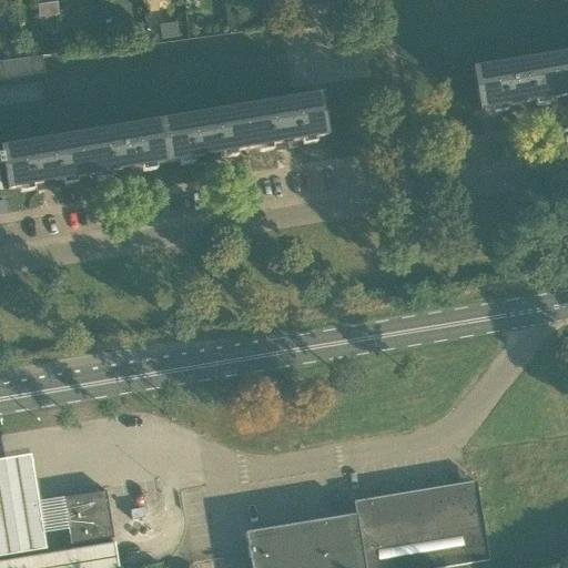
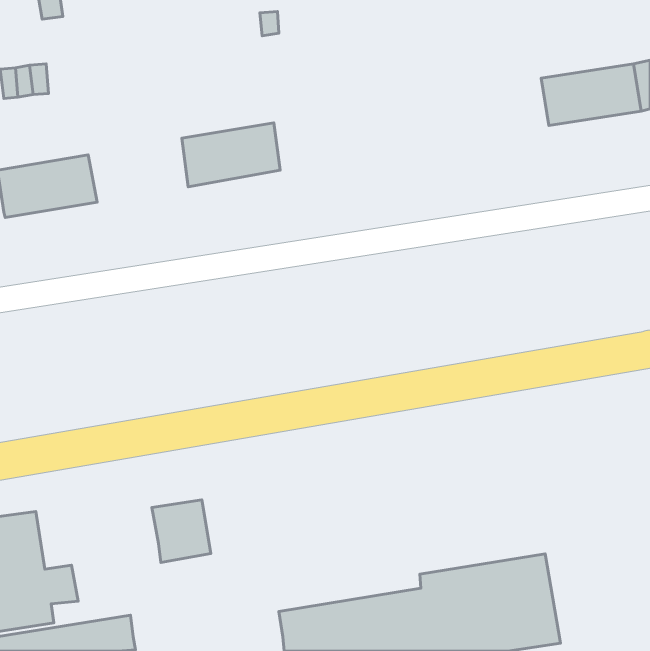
building: [237,93,323,148] -> none
building: [77,120,163,175] -> none
building: [62,484,113,538] -> [152,500,211,563]

